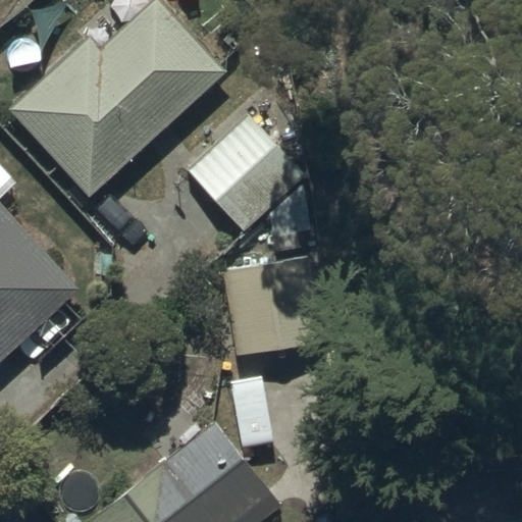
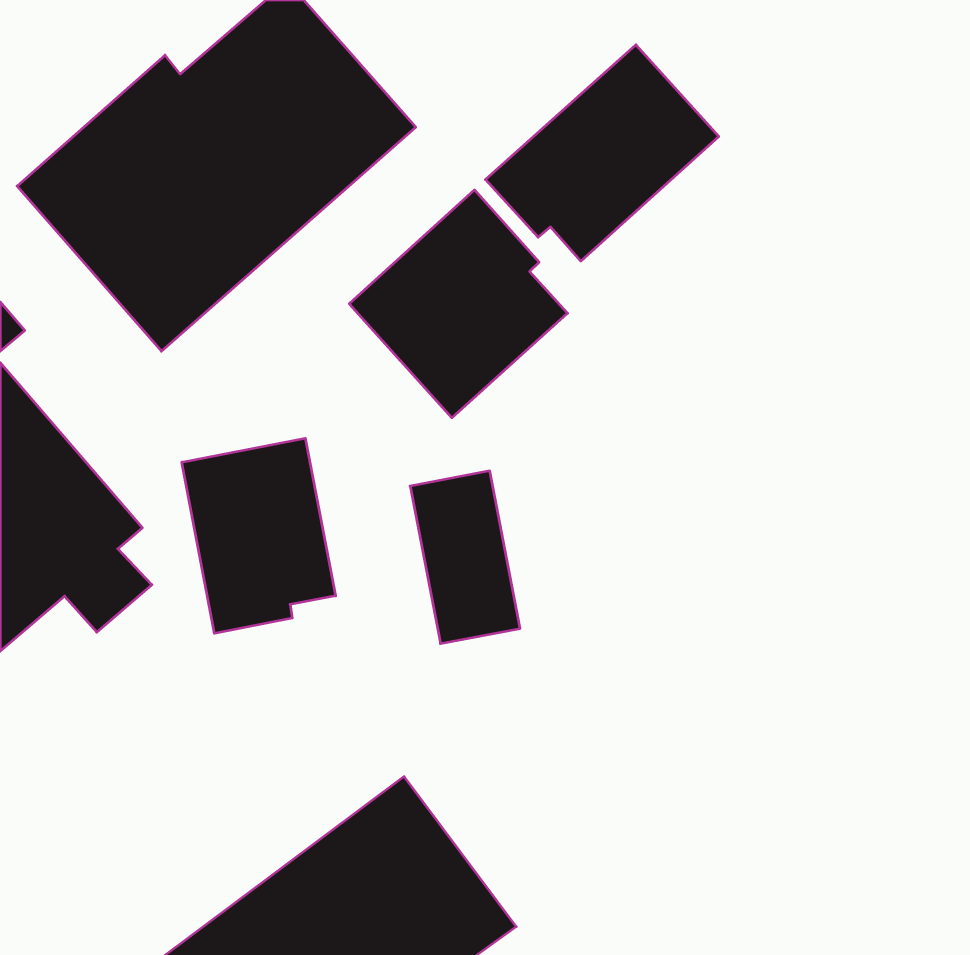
building: none -> [485,45,719,261]
building: none -> [182,438,336,633]

